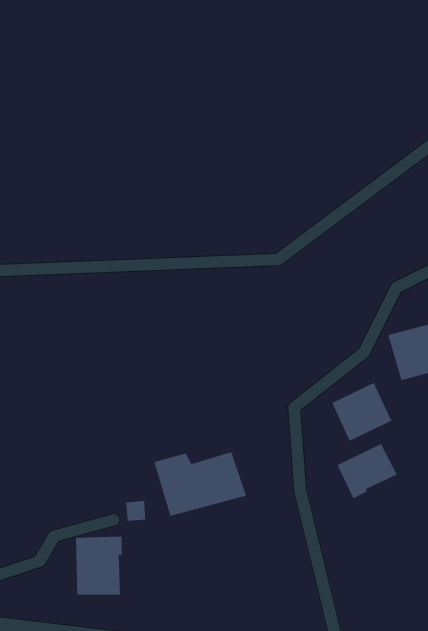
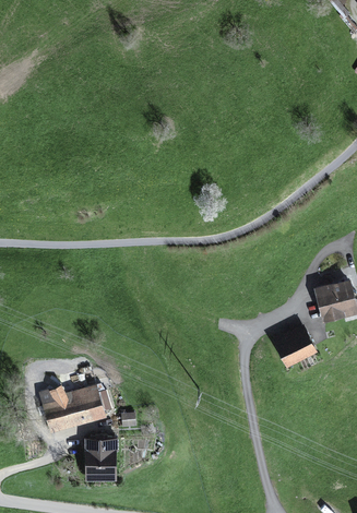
building: [337,443,398,499] -> none
building: [153,452,247,517] -> [37,384,106,432]

